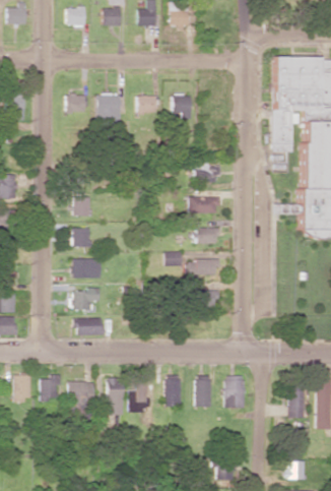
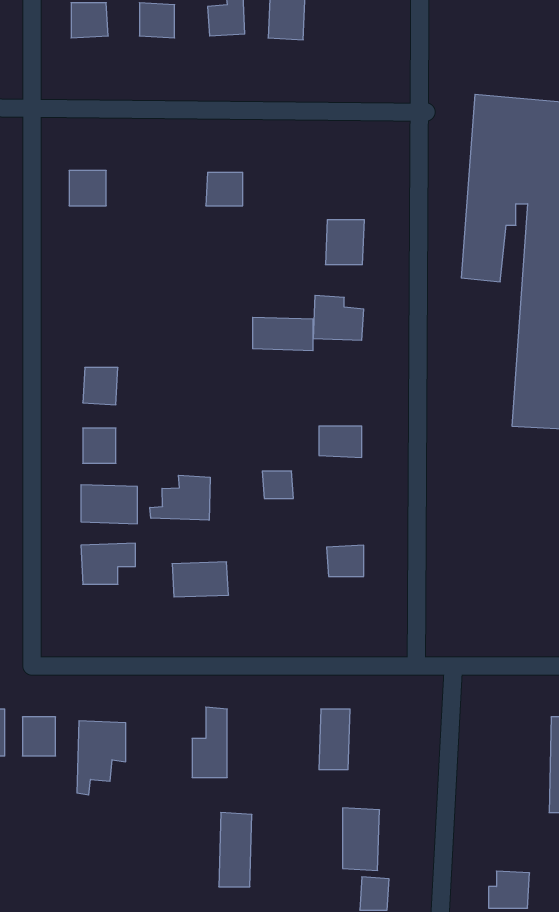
building: [96,94,121,119] -> none
building: [173,95,193,118] -> [325,220,364,265]
building: [188,196,219,213] -> [253,317,313,351]
building: none -> [150,475,210,520]
building: [188,259,218,275] -> none
building: [75,317,105,335] -> [172,562,229,597]
building: [165,375,182,406] -> none
building: [225,375,245,408] -> [343,808,380,870]
building: [108,376,125,415] -> [219,813,252,887]
building: [288,385,305,417] -> none

